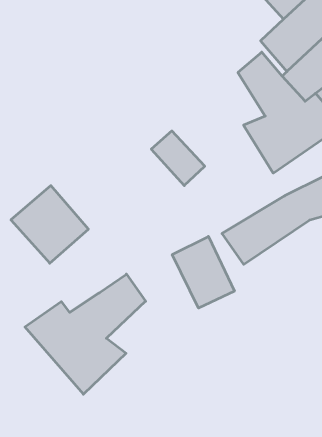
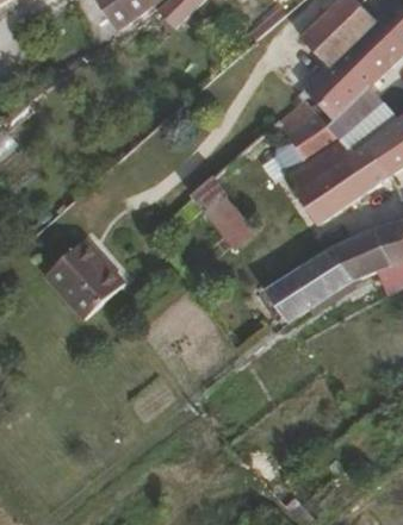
building: [172,236,234,308] -> none
building: [25,274,146,394] -> none

